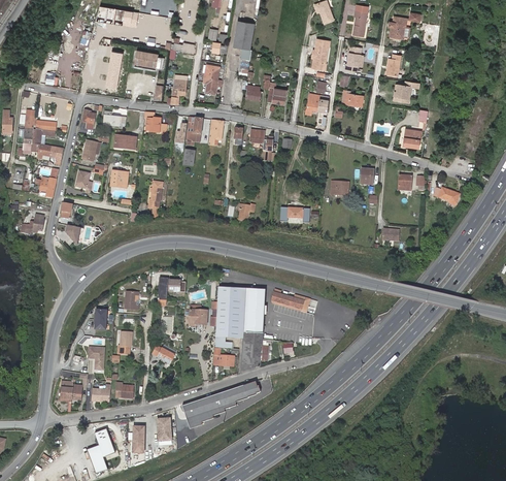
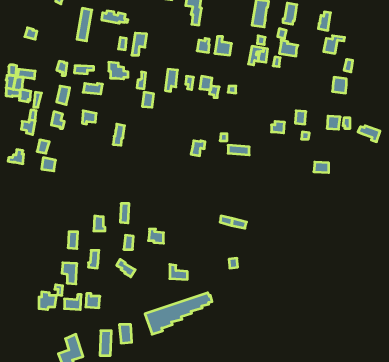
building: [199,65,222,95] -> none
building: [185,116,203,143] -> none
building: [213,286,266,372] -> none

